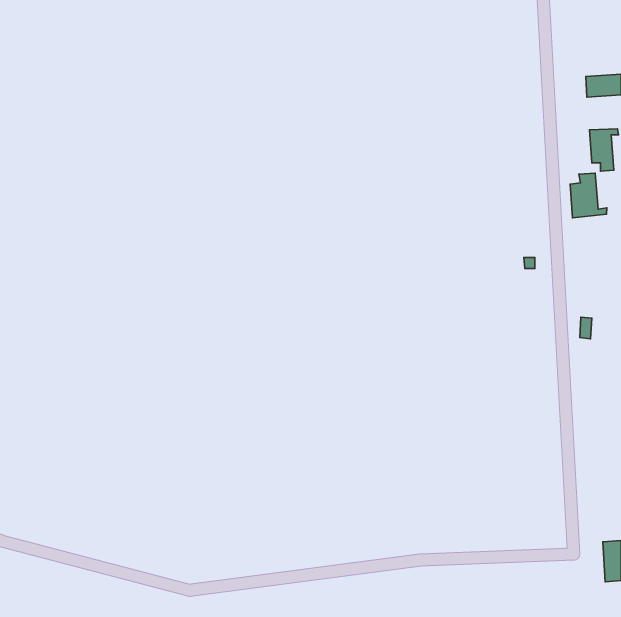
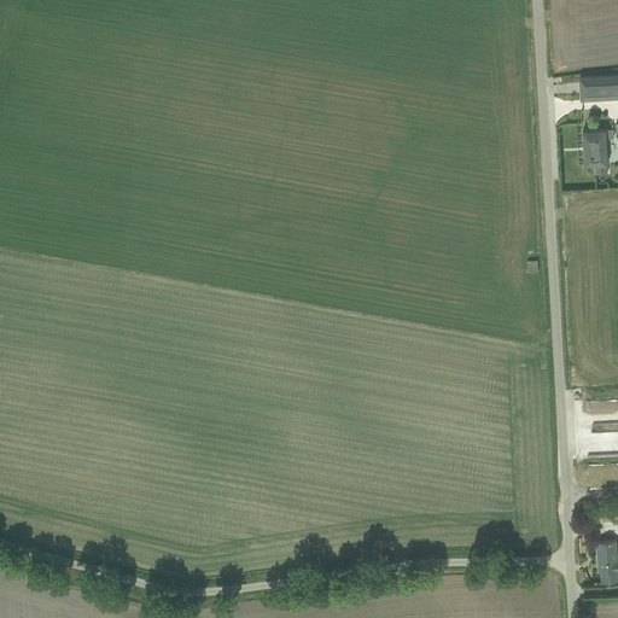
building: [570,173,607,218] -> none

